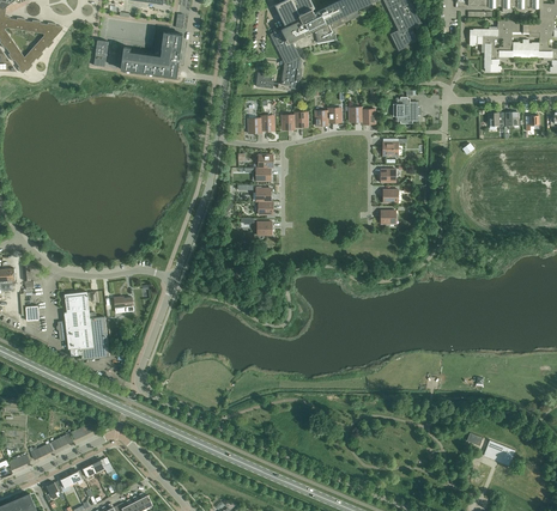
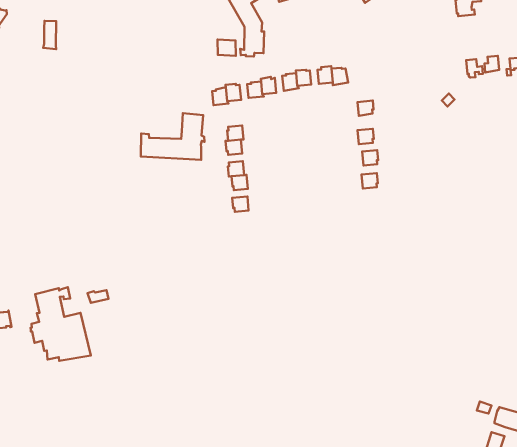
building: [120,31,182,77] -> [141,113,205,160]
building: [393,97,417,123] -> none

